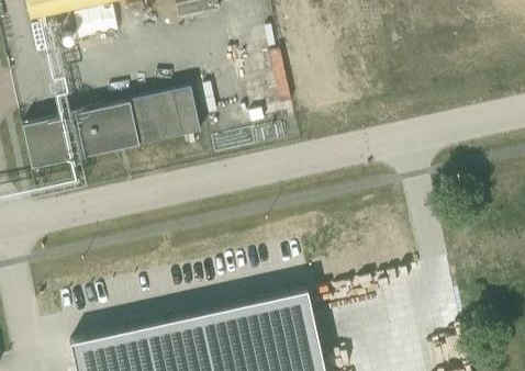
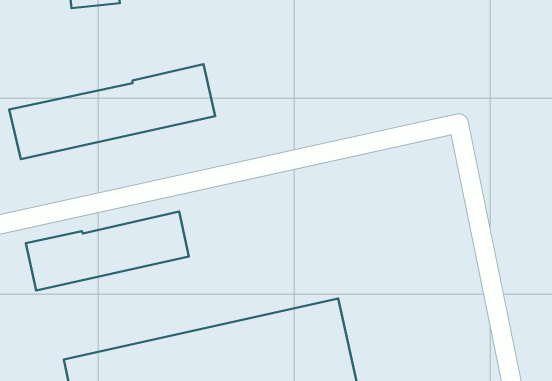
building: none -> [26,211,189,290]

